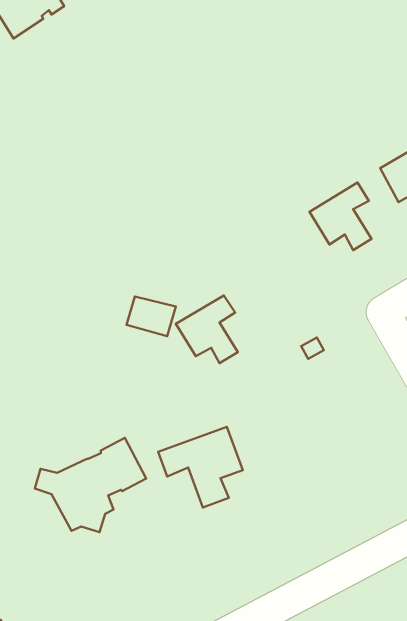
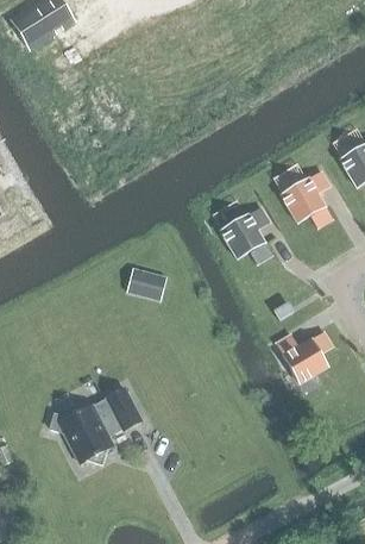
building: [176,296,238,363] -> [219,207,271,264]
building: none -> [275,331,332,383]
building: [158,427,243,508] -> none

